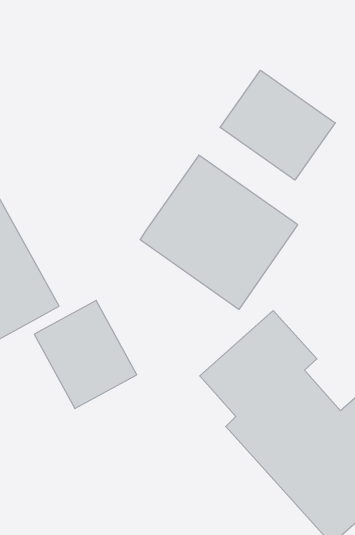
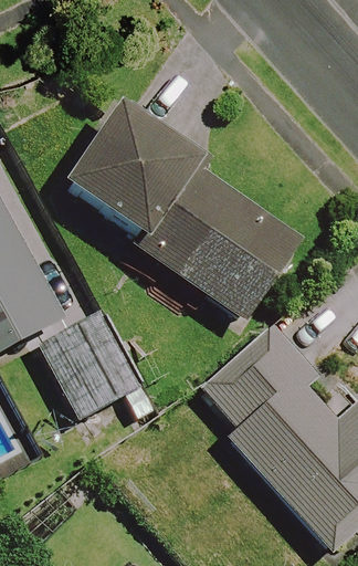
building: [220,70,335,180] -> none
building: none -> [66,99,209,242]

